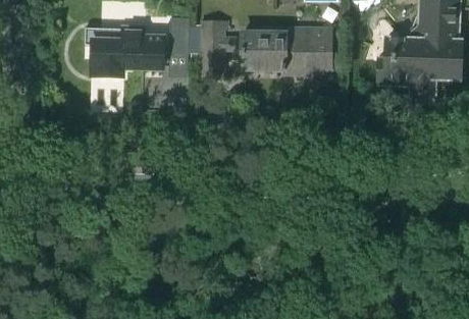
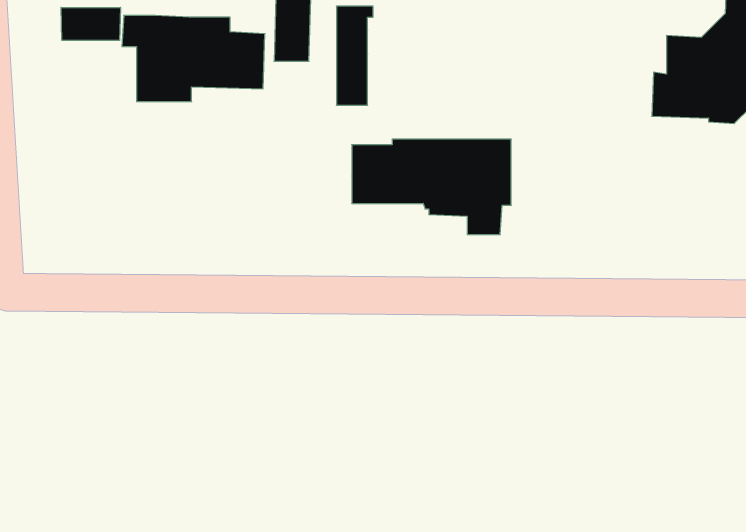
building: none -> [61,7,120,40]
building: [243,30,331,83] -> [352,139,511,235]

